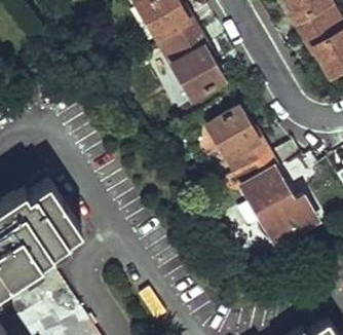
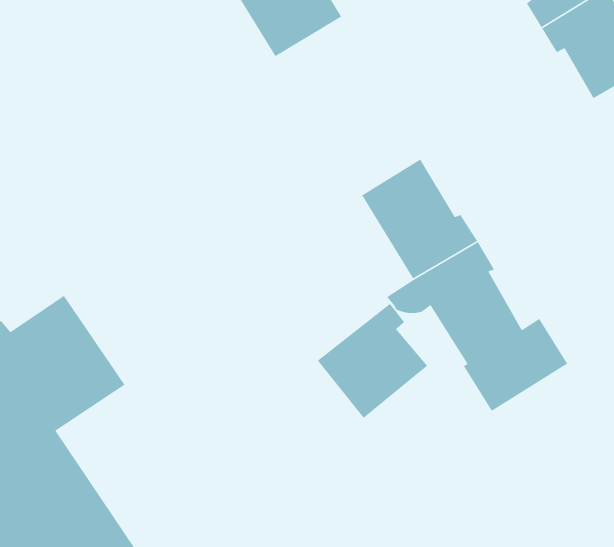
building: [160,30,221,97] -> none
building: none -> [317,303,428,419]

